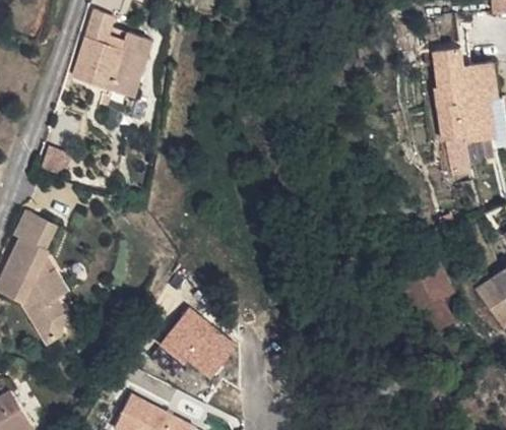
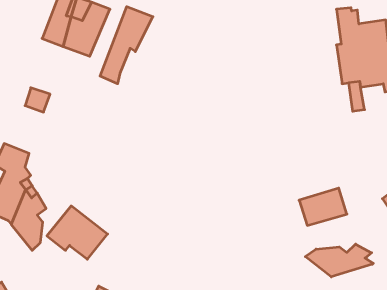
building: none -> [100,7,153,84]
building: [162,308,238,375] -> [47,206,108,259]
building: none -> [305,244,373,277]

